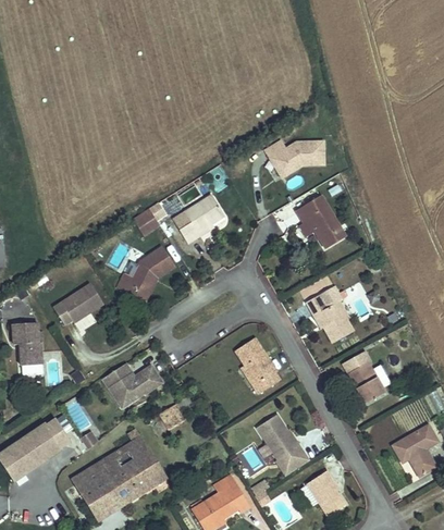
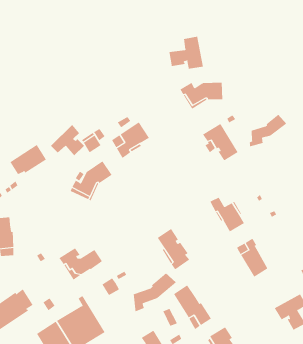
building: none -> [169,36,204,70]
building: none -> [249,114,287,147]
building: none -> [50,124,85,156]
building: [53,283,103,324] -> [10,144,47,175]
building: none -> [133,272,177,312]

